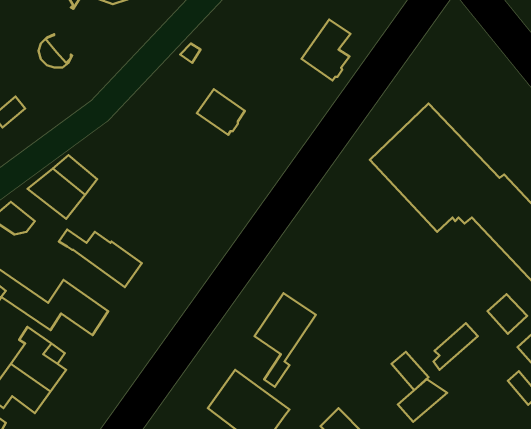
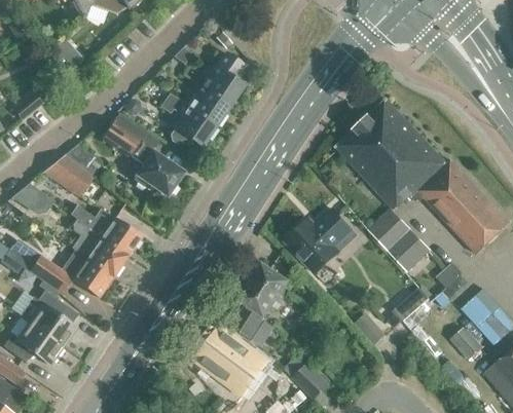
building: [301,19,351,81] -> [201,53,244,106]
building: none -> [158,93,214,146]
building: none -> [101,112,181,195]
building: none -> [284,210,352,274]
building: none -> [367,211,425,268]
building: none -> [71,222,125,277]
building: [398,379,447,422] -> none

